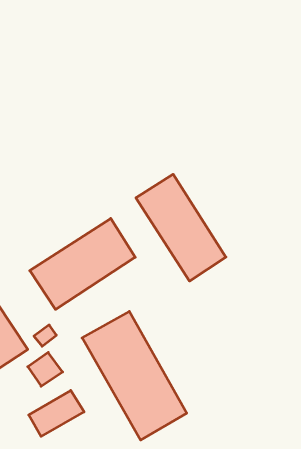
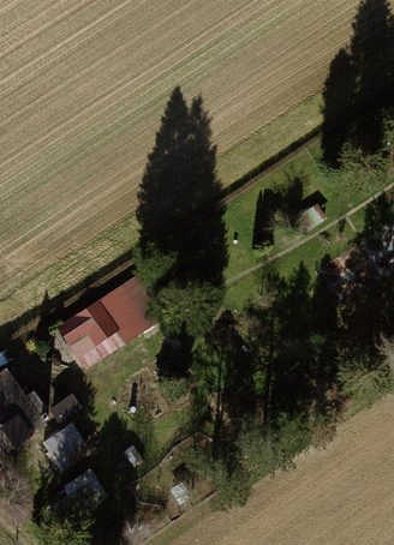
building: [136,174,226,281] -> none
building: [82,311,187,440] -> none

